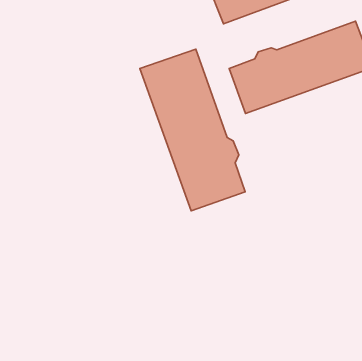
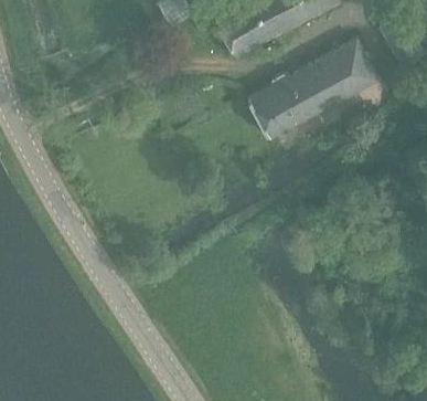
building: [140,49,245,211] -> none

